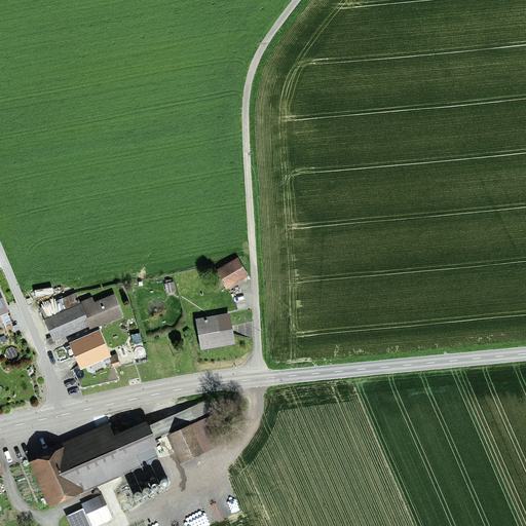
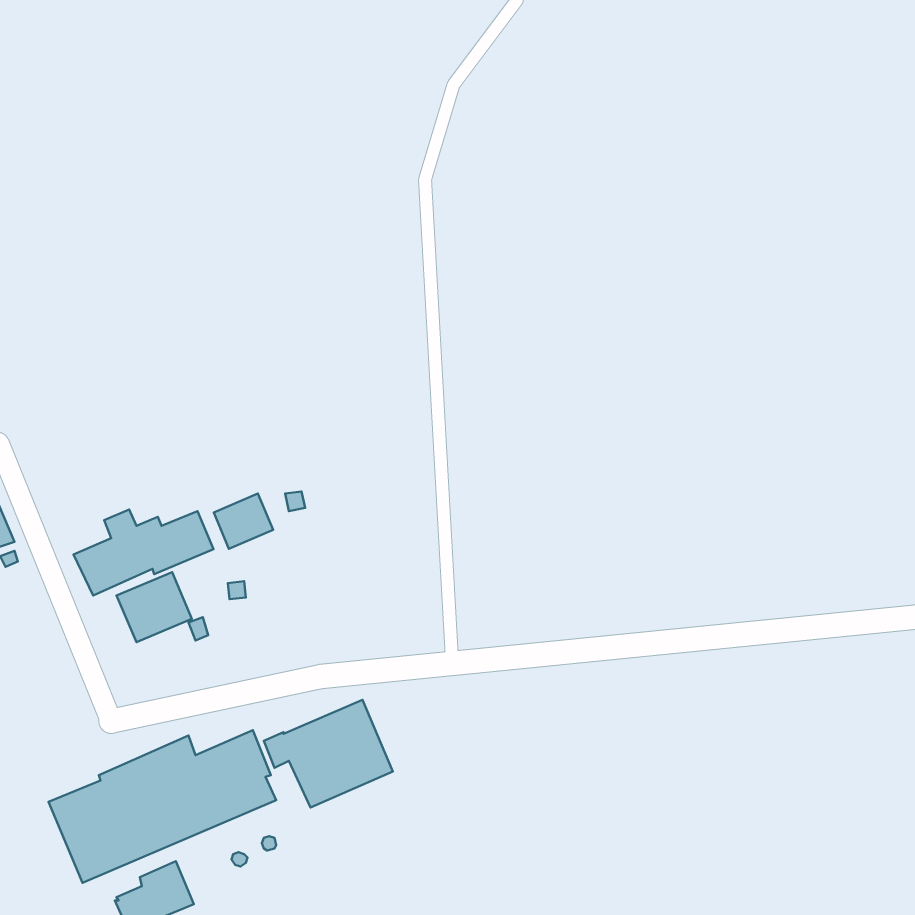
building: [215,258,248,289] -> none
building: none -> [214,494,273,549]
building: [194,313,234,350] -> none

